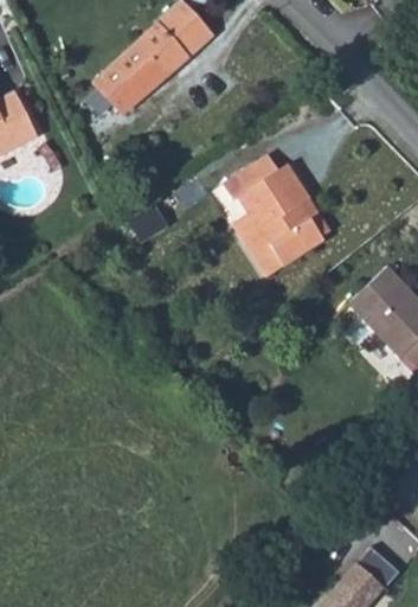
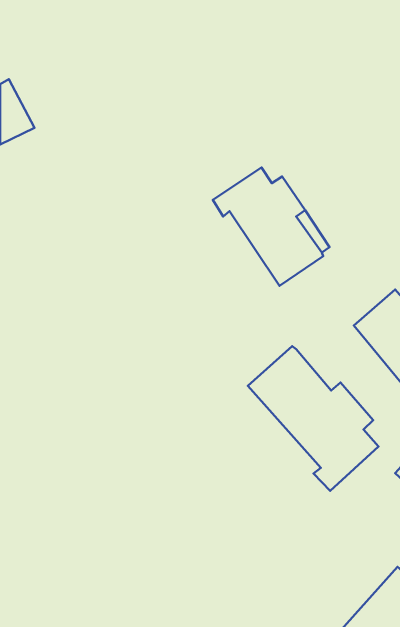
building: [107,20,207,108] -> none
building: none -> [248,346,379,491]

